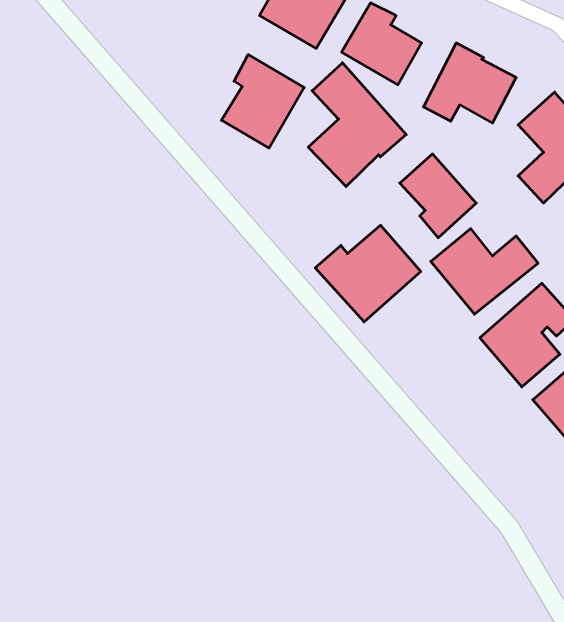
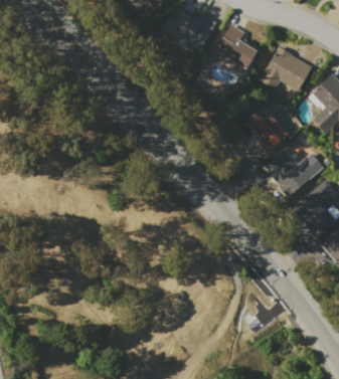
building: [221,55,304,148] -> none
building: [308,63,406,187] -> none
building: [315,225,421,322] -> none

